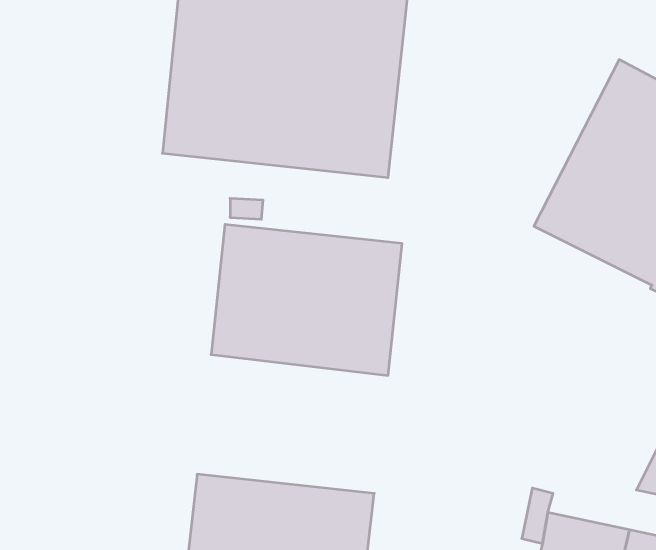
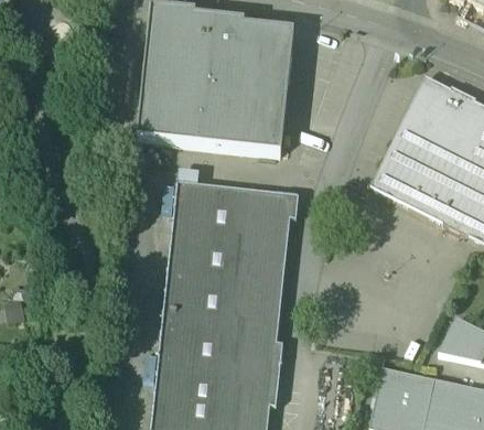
building: none -> [161,267,282,355]

